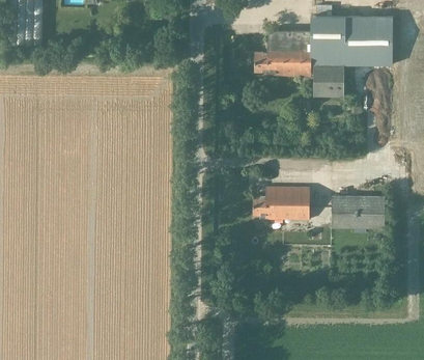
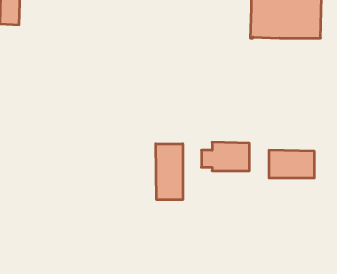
building: [254,30,344,95] -> none
building: none -> [156,144,183,200]

